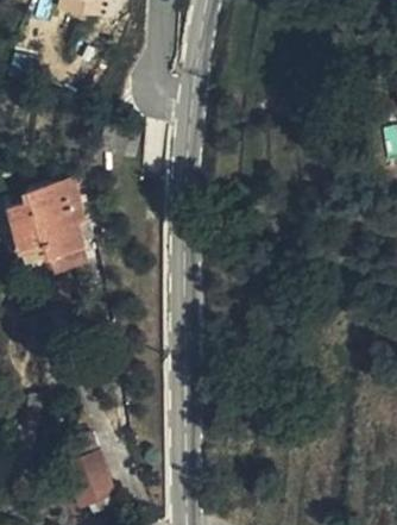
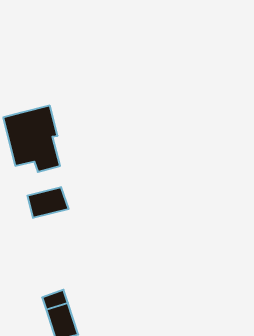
building: none -> [27,187,69,218]

